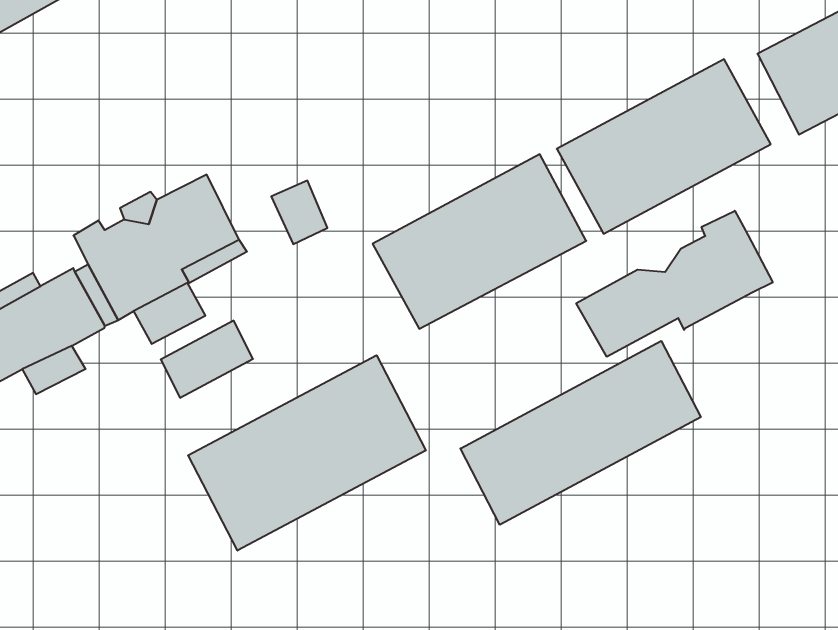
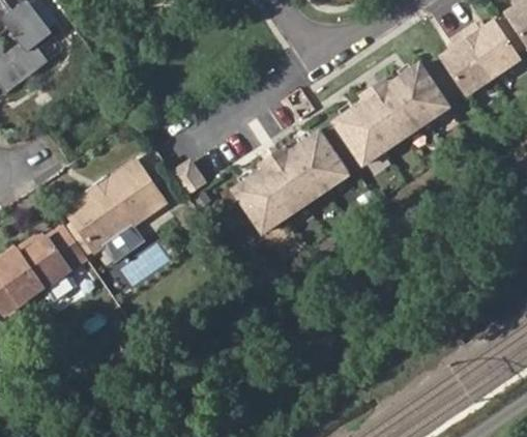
building: [576,211,773,357] -> none
building: [460,341,701,525] -> none
building: [188,355,426,551] -> none

